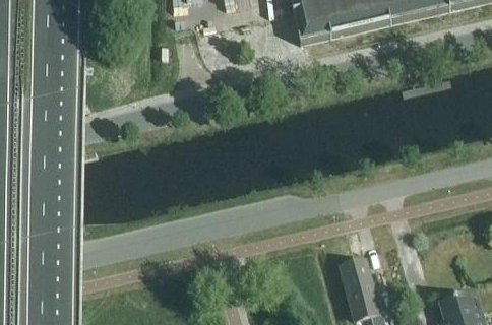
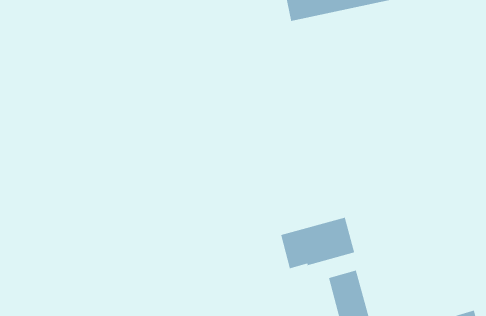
building: none -> [280,217,355,269]

